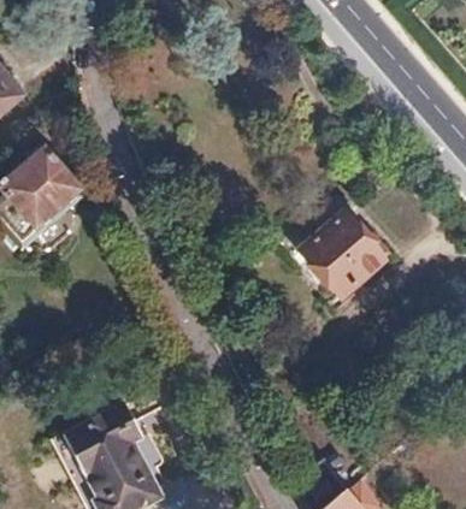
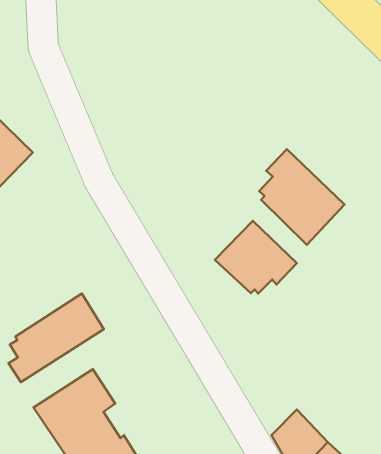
building: none -> [215,221,297,294]
building: none -> [8,294,104,382]

